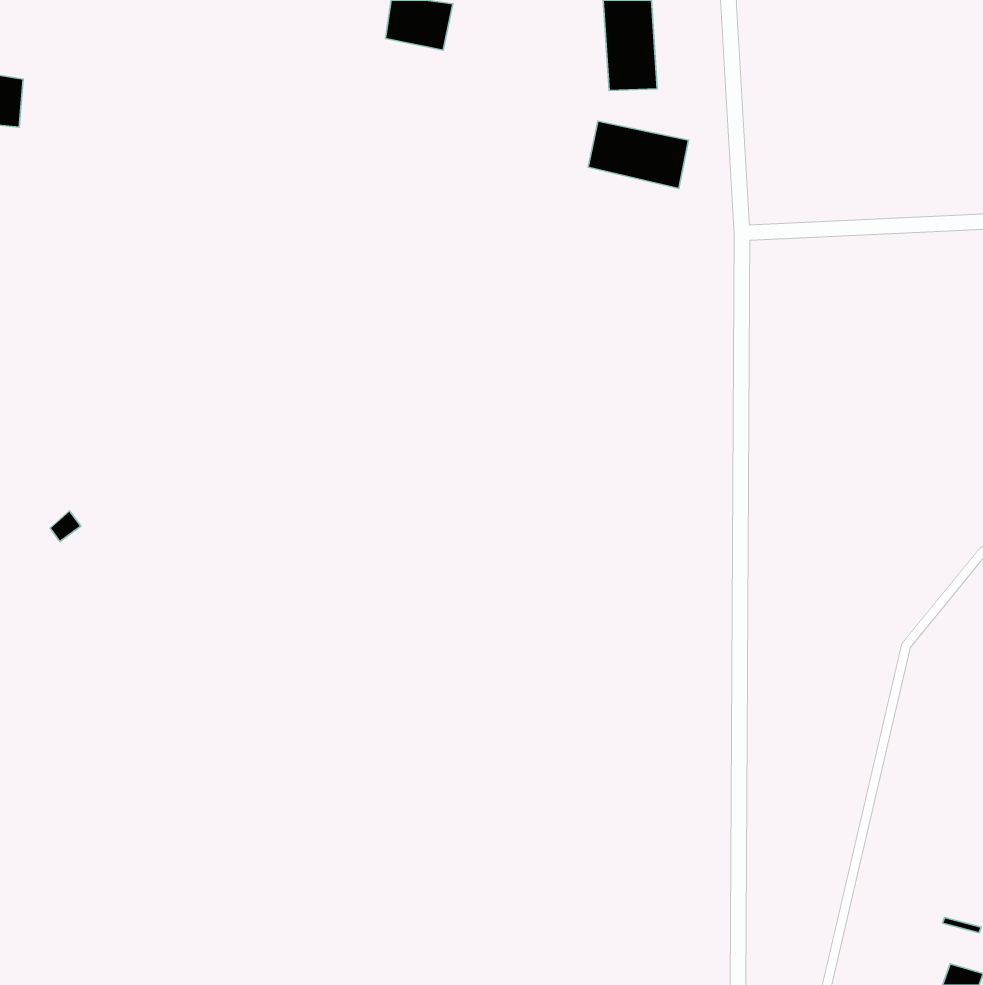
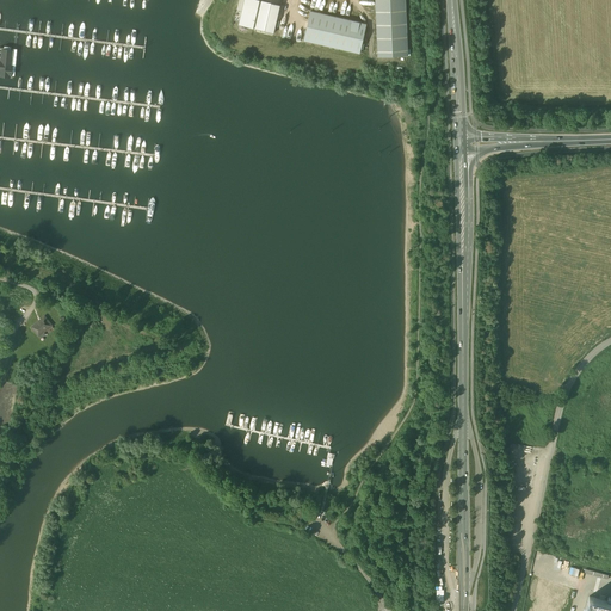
building: [588,121,689,189] -> [303,11,365,53]

